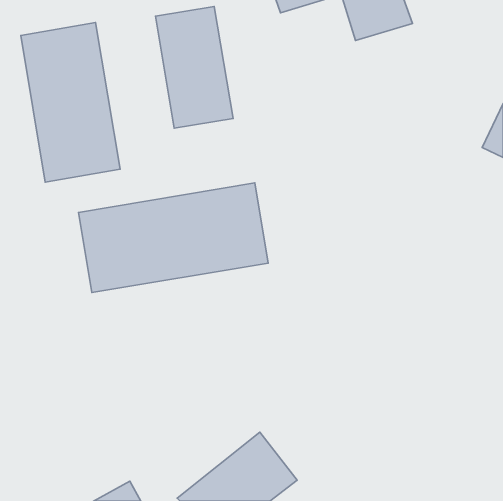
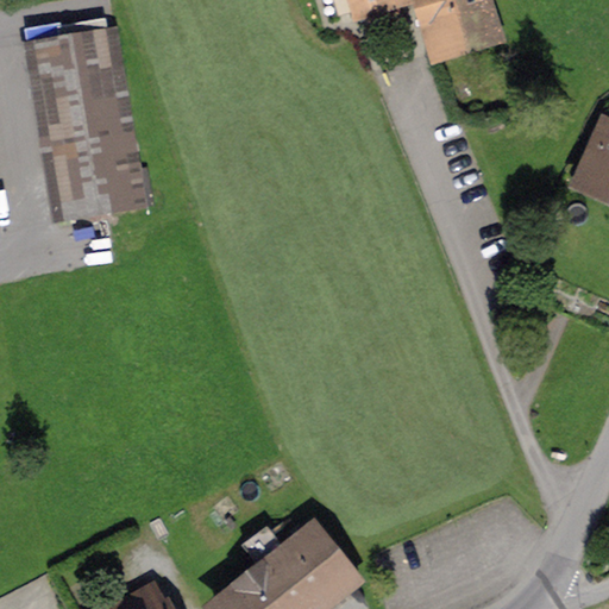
building: [155,7,233,128] -> none
building: [79,183,268,293] -> none

